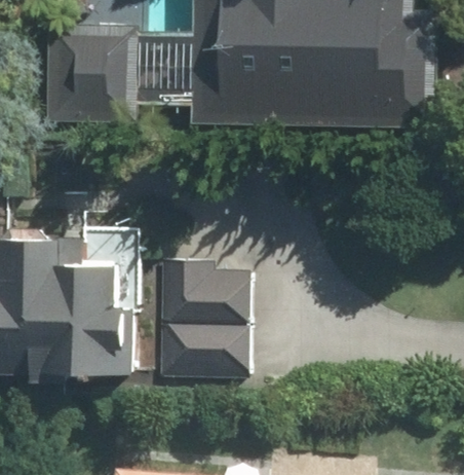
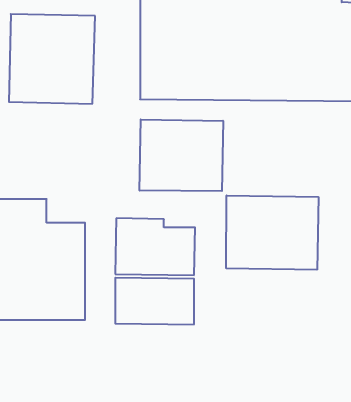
building: none -> [140,119,223,191]
building: none -> [226,195,318,270]

